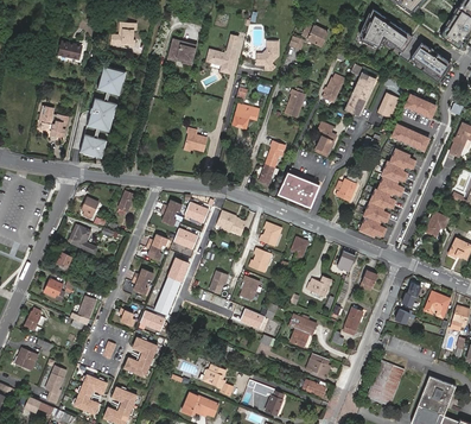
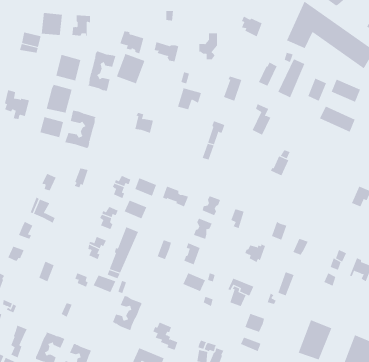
building: none -> [41,12,63,36]
building: none -> [87,51,116,92]
building: none -> [116,53,145,84]
building: none -> [64,110,97,149]
building: [358,146,418,241] -> none
building: [278,172,320,205] -> none
building: [125,337,158,376] -> [112,296,142,331]

